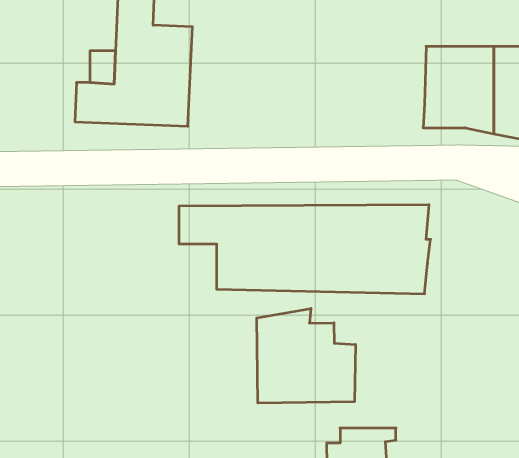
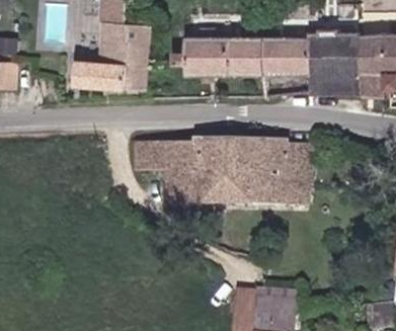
building: none -> [172,35,309,75]
building: [257,308,355,403] -> none

